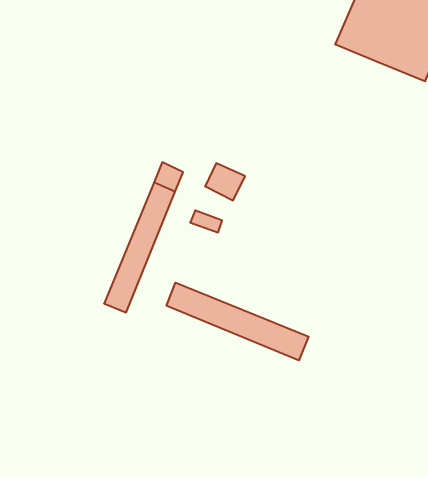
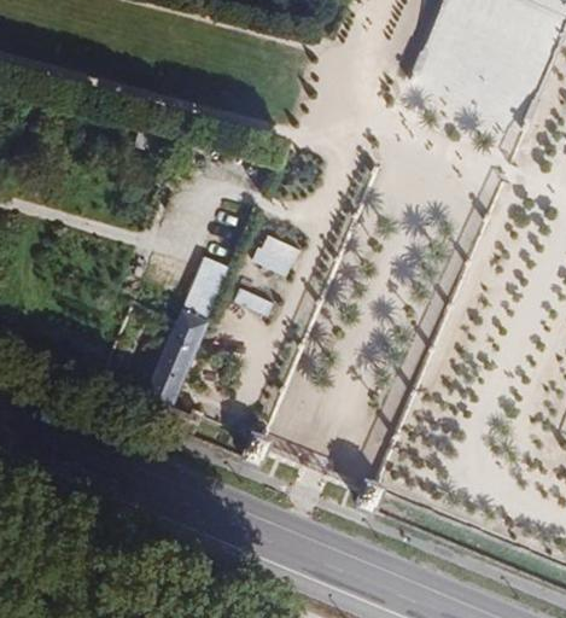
building: [167,283,309,360] -> none

